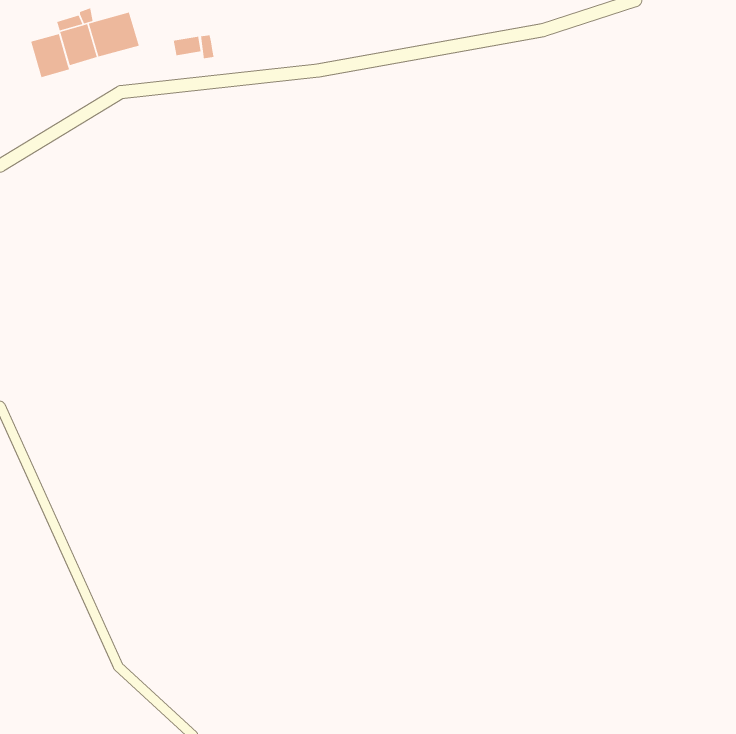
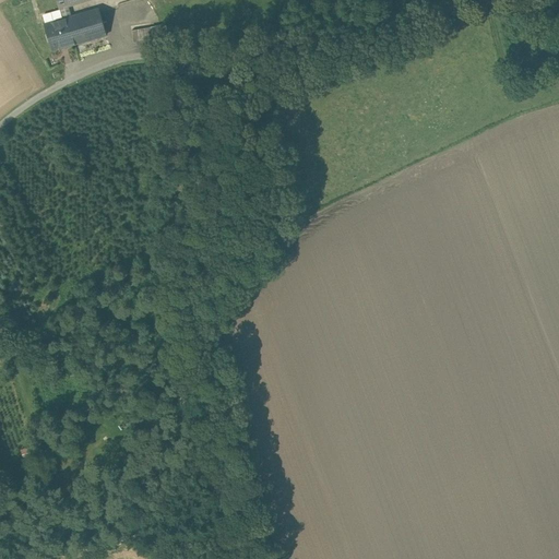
building: [30,33,70,78] -> none

